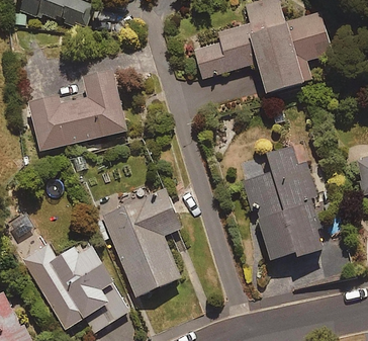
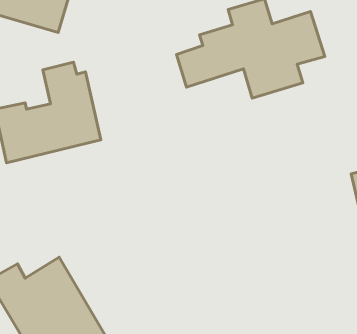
building: [244,146,324,261] -> none
building: [99,183,184,297] -> none

